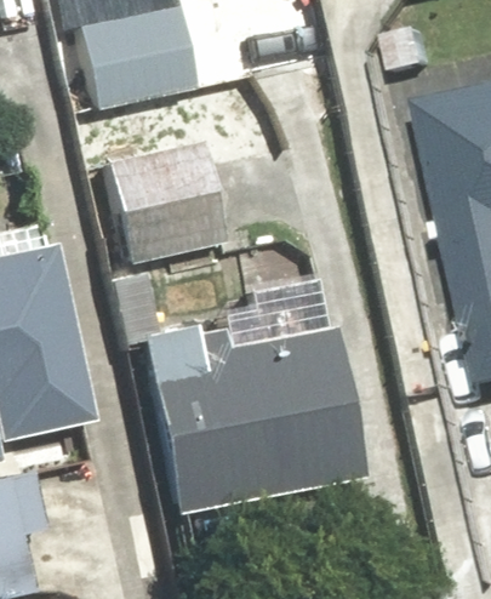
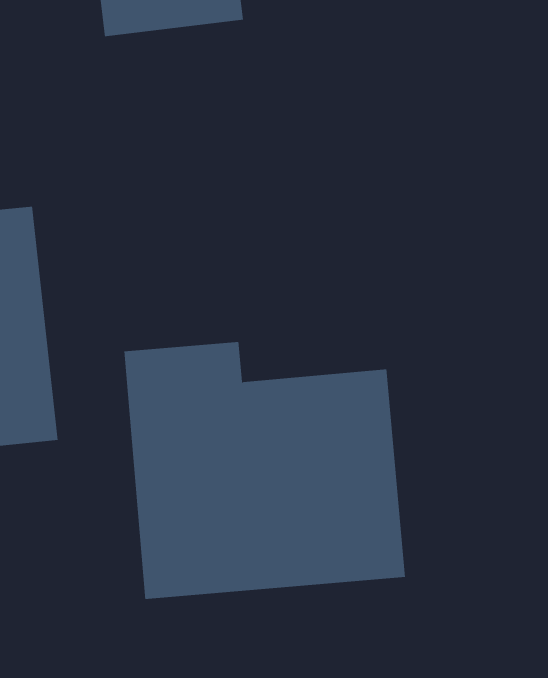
building: [102,136,227,262] -> none

